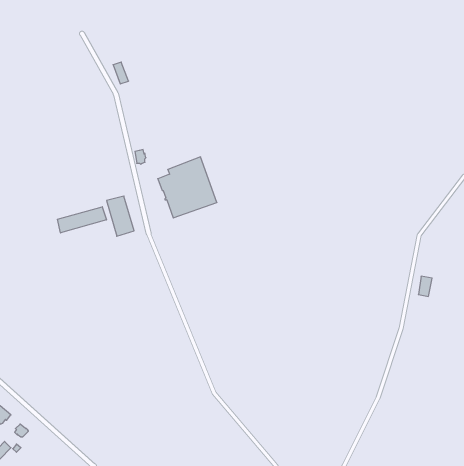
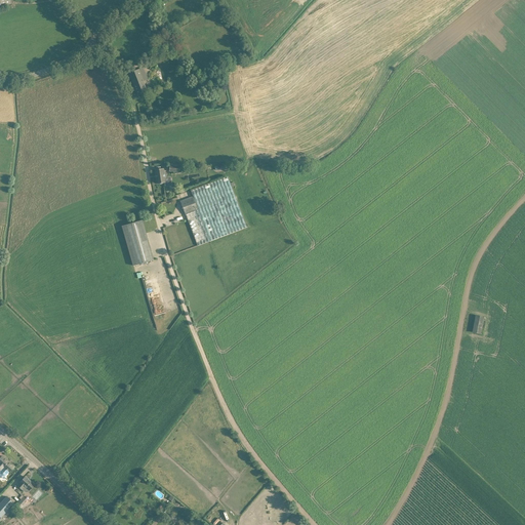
building: [58,207,106,233] -> none

